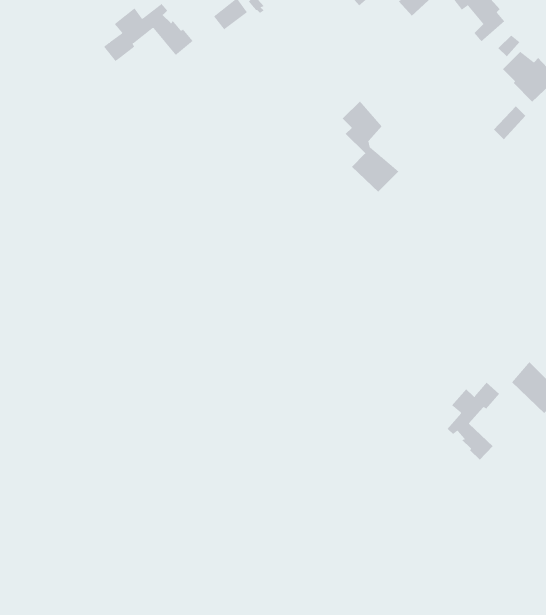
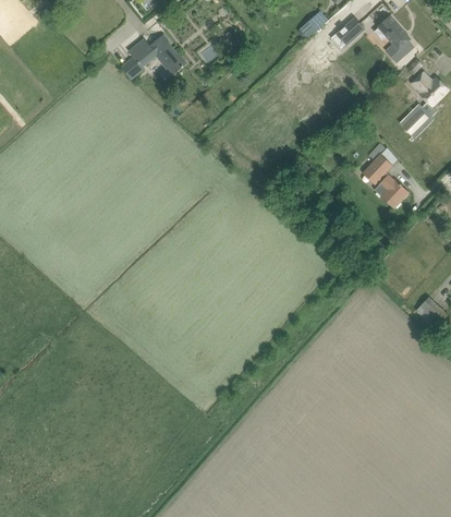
building: [342,101,399,192] -> [367,141,409,207]
building: [447,382,500,461] -> none

